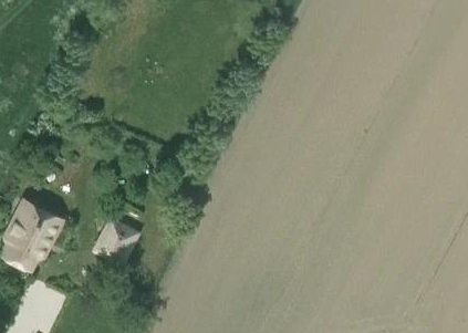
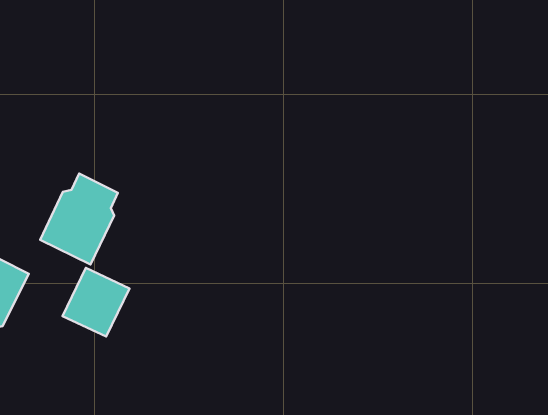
building: none -> [40,174,118,264]

